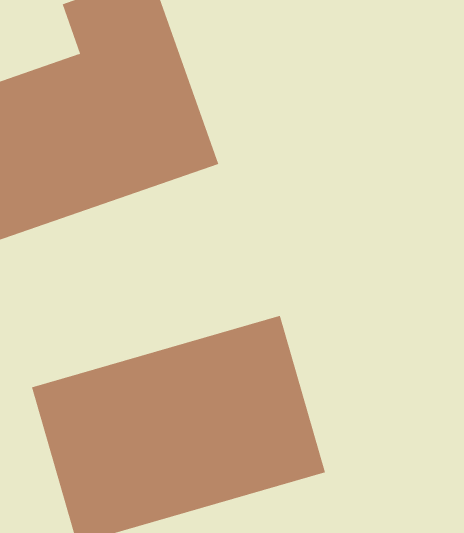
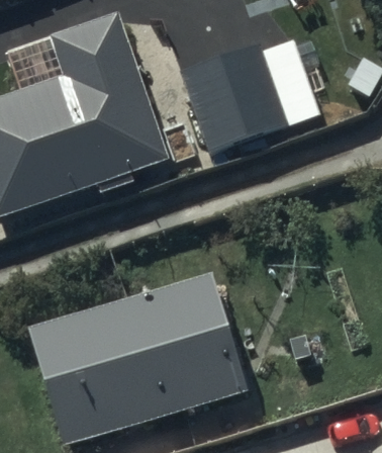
building: none -> [179,38,313,149]

